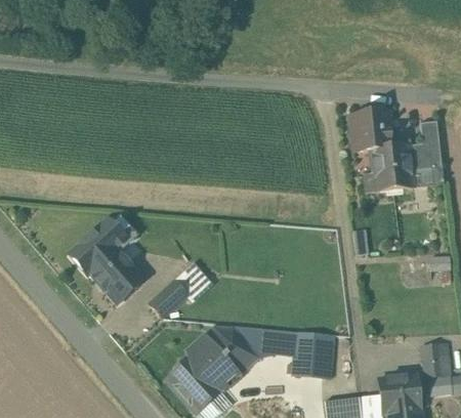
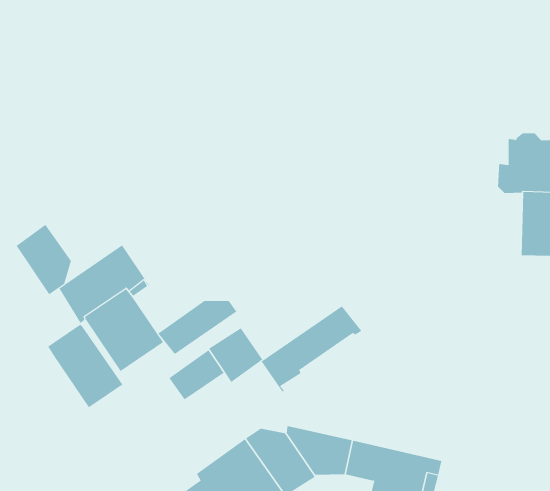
building: none -> [16,224,71,295]
building: none -> [261,306,362,392]
building: none -> [158,300,237,355]
building: none -> [47,324,123,408]

